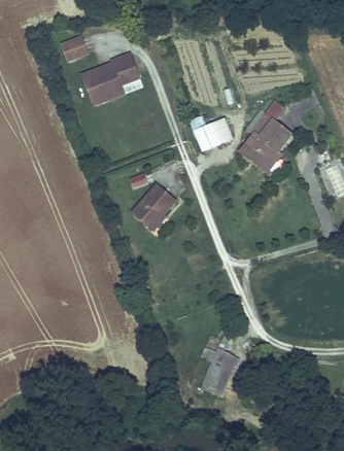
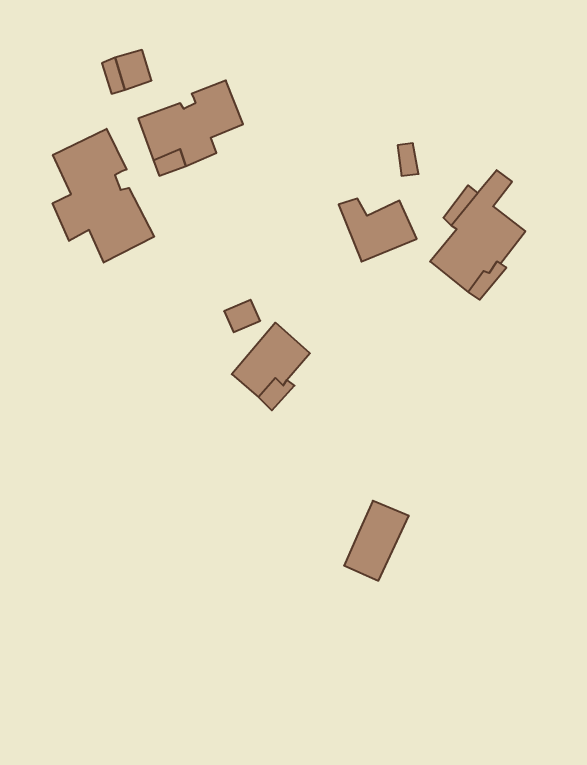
building: none -> [53,129,154,263]
building: [201,352,236,395] -> [344,501,409,581]

